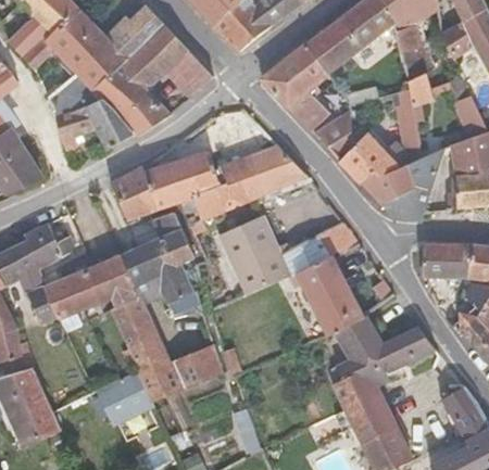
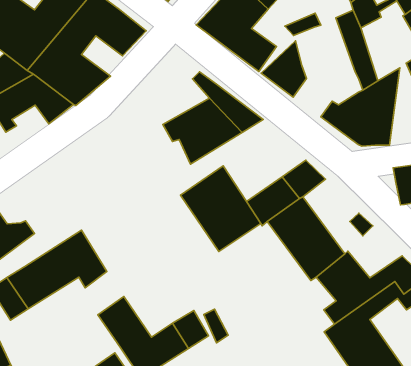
building: [340,126,406,185] -> none
building: [111,151,234,226] -> none
building: [113,212,195,334] -> none

